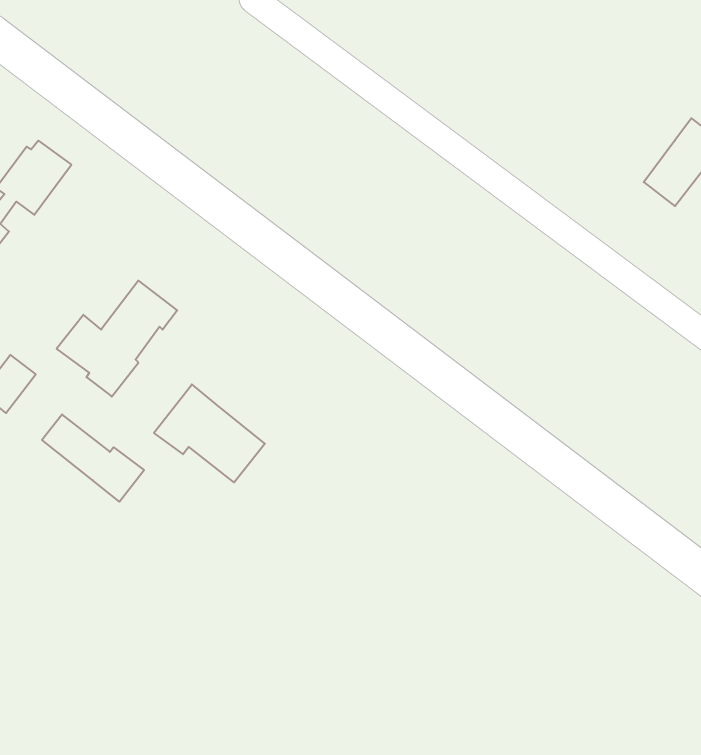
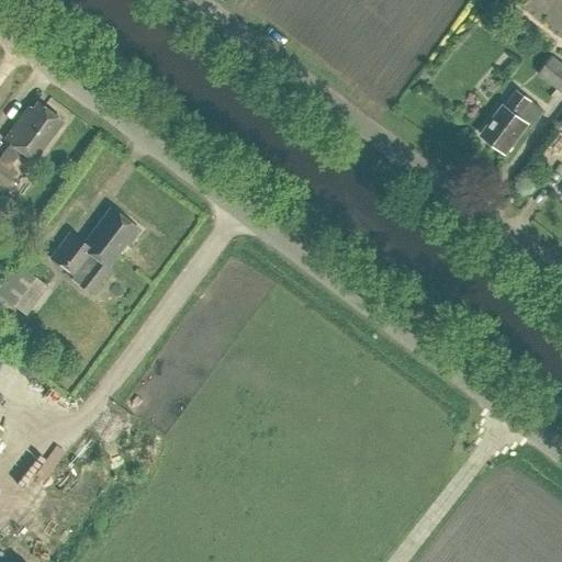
building: [154,384,265,482] -> none
building: [42,414,144,502] -> none

